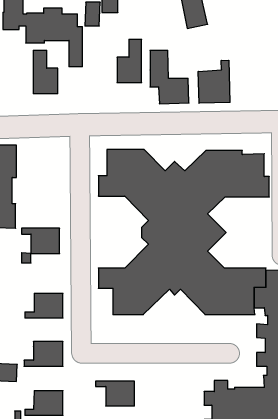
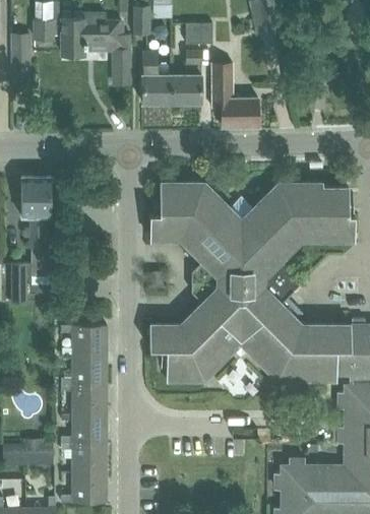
building: none -> [186,22,212,44]
building: [33,50,58,94] -> [142,51,172,103]
building: [198,60,230,103] -> none
building: [22,228,60,254] -> [61,325,107,356]
building: none -> [61,385,107,413]
building: [96,381,134,406] -> [60,443,107,472]

